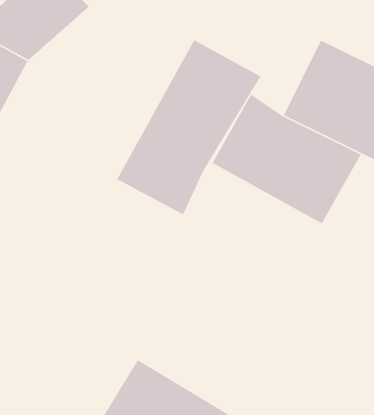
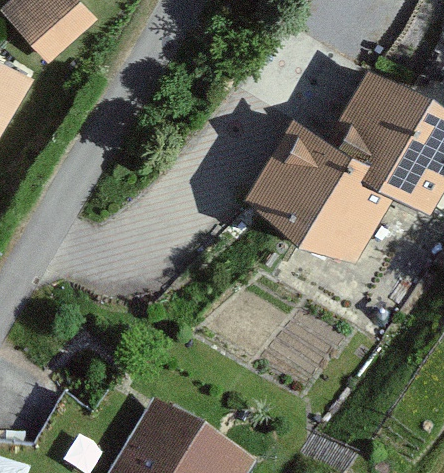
building: [116,39,262,216] -> none

